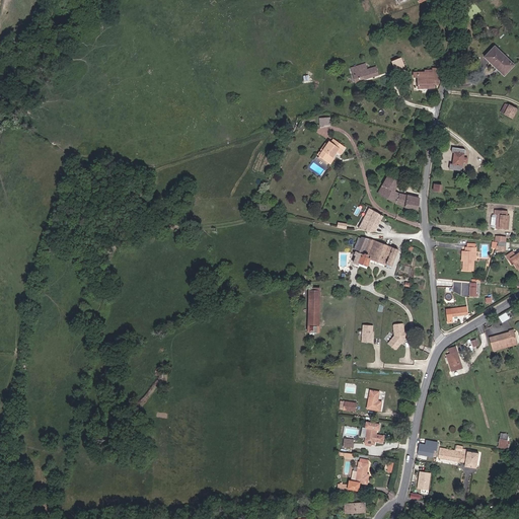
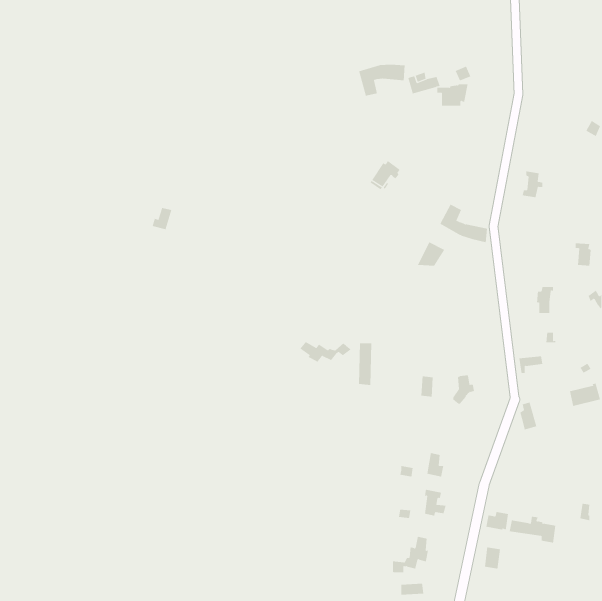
building: [486,46,514,74] -> none
building: none -> [359,64,405,97]
building: [414,68,441,87] -> [437,84,468,106]
building: [354,236,398,269] -> none
building: none -> [299,341,352,363]

